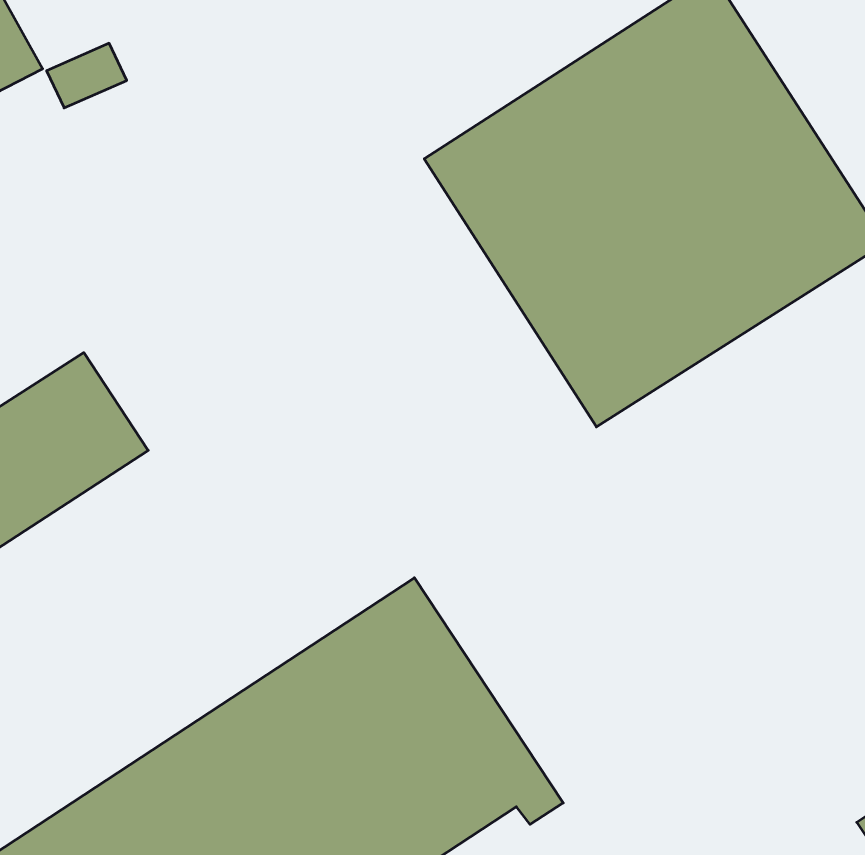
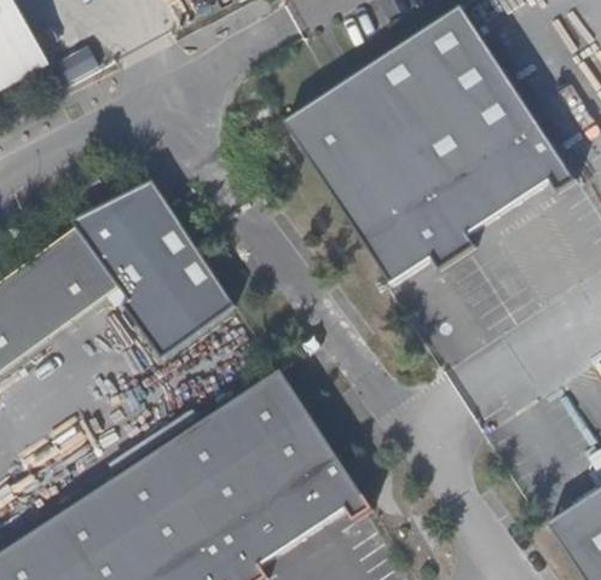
building: none -> [74,184,231,361]

